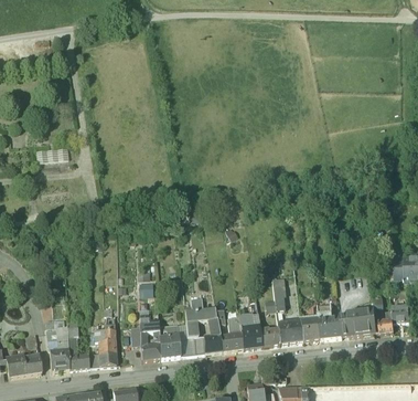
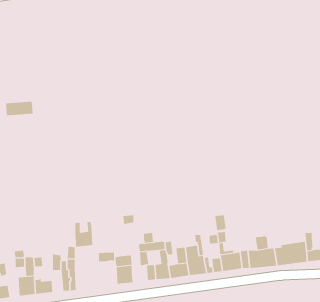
building: [140,330,161,359] -> [75,222,93,247]

